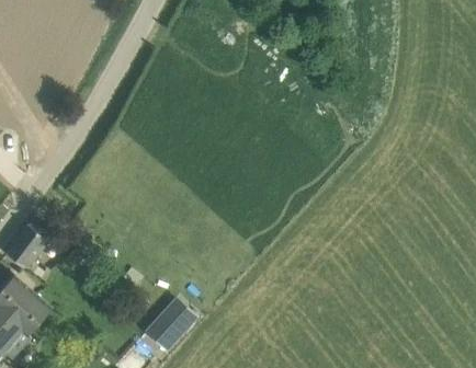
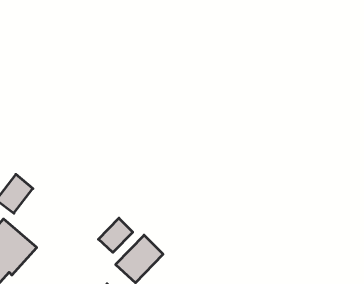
building: none -> [98,218,133,252]

